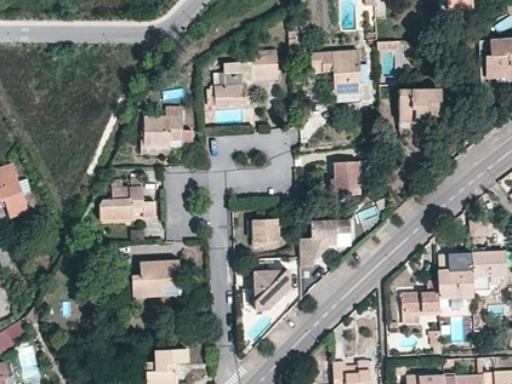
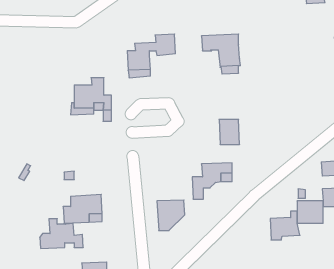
building: [399,88,453,122] -> none
building: [99,180,157,219] -> [40,219,83,248]
building: [254,218,288,247] -> none

